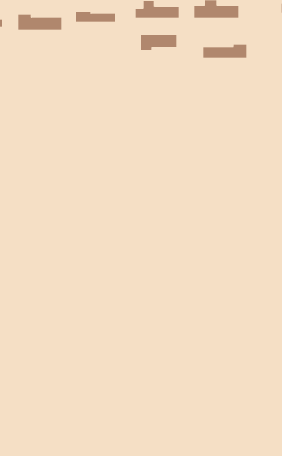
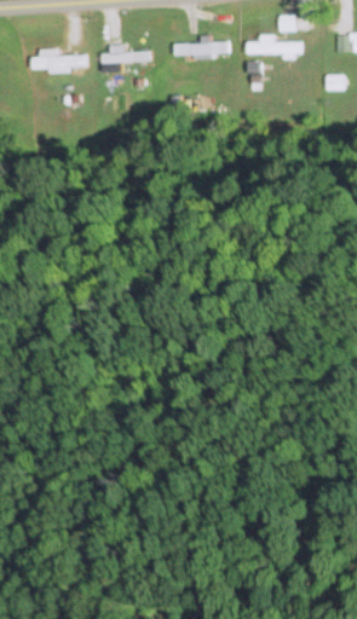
building: [141,34,177,51] -> none
building: [203,44,247,58] -> none

